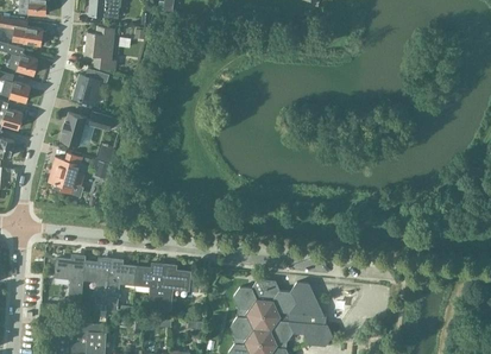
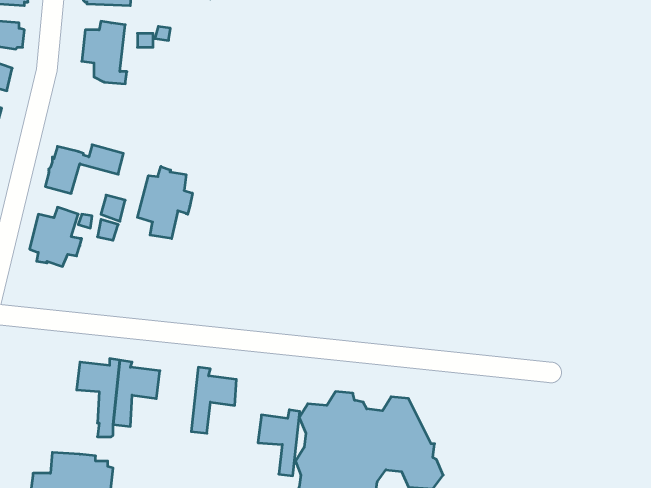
building: [71,70,108,106] -> none
building: none -> [137,166,192,239]
building: [53,254,83,309] -> none
building: [136,263,164,308] -> [258,410,300,476]

